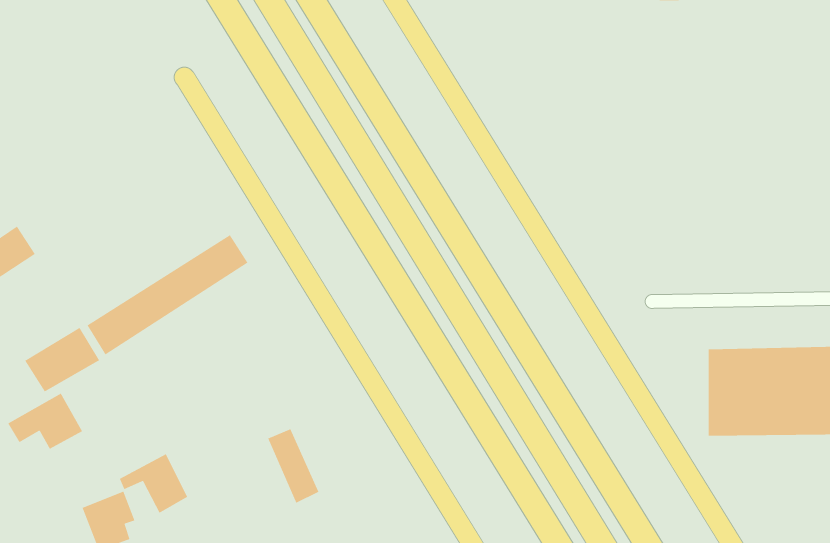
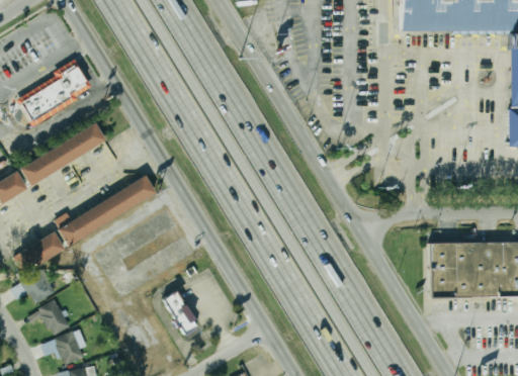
building: none -> [18,60,94,128]
building: none -> [20,121,106,186]
building: [119,453,188,514] -> [29,300,71,337]

